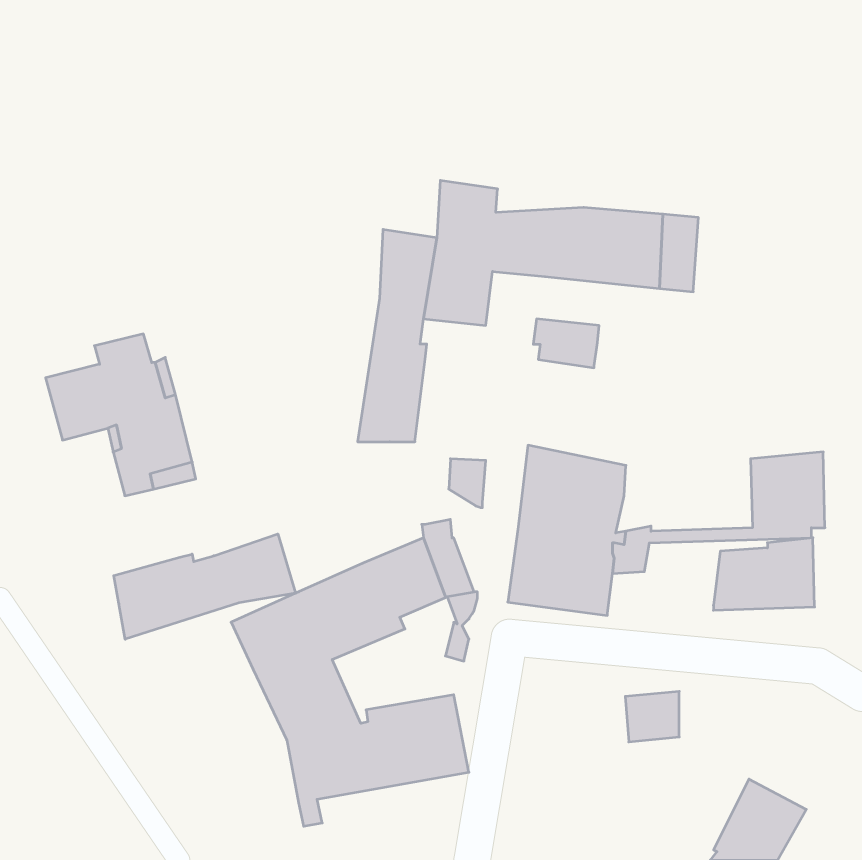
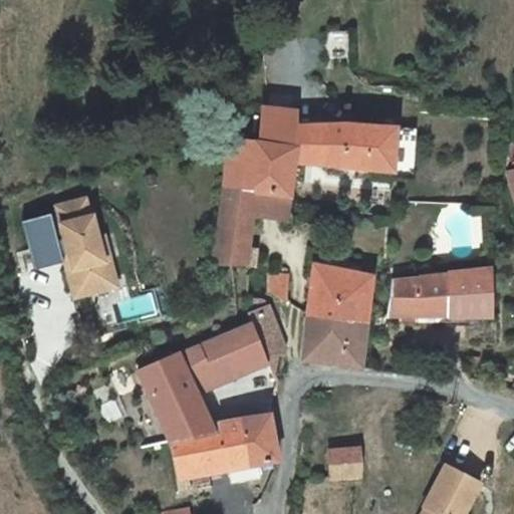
building: [533,319,599,368] -> [250,190,289,219]
building: [114,534,296,639] -> none
building: [713,538,815,610] -> [388,273,448,316]
building: [625,691,679,742] -> [328,448,360,478]

